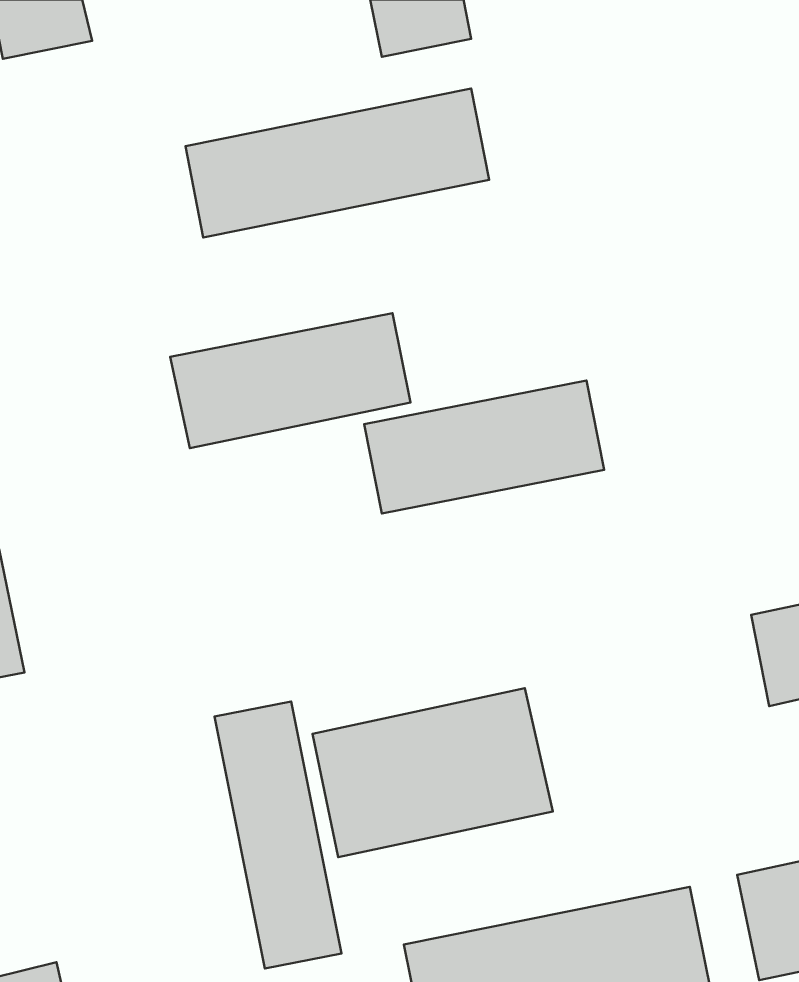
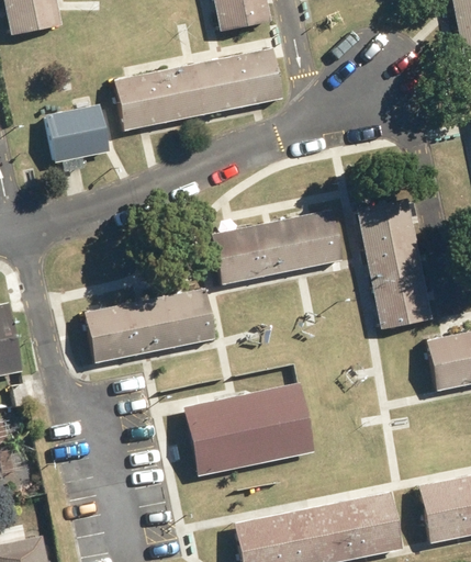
building: none -> [45,102,110,161]
building: [170,313,410,448] -> [83,289,216,363]
building: none -> [356,194,430,327]
building: [214,702,342,969] -> none

